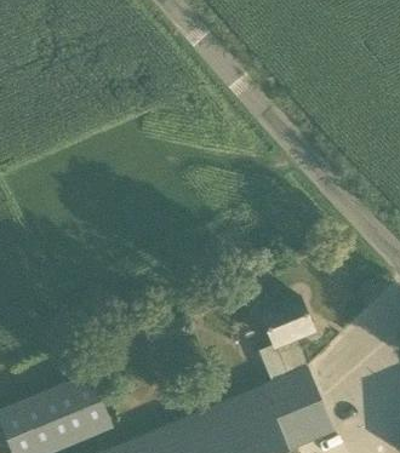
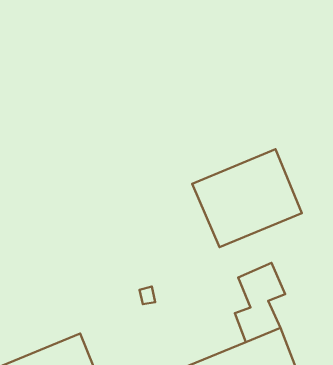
building: none -> [192,149,302,247]

